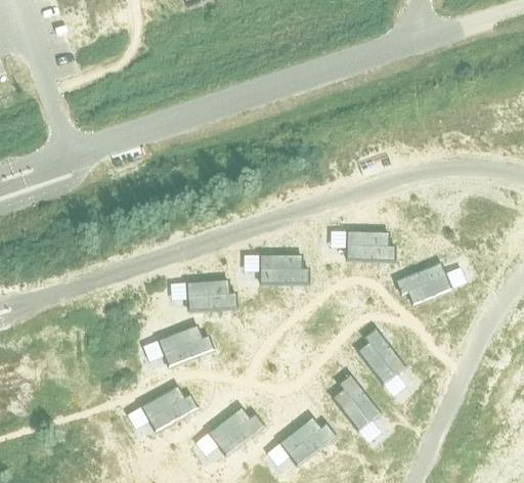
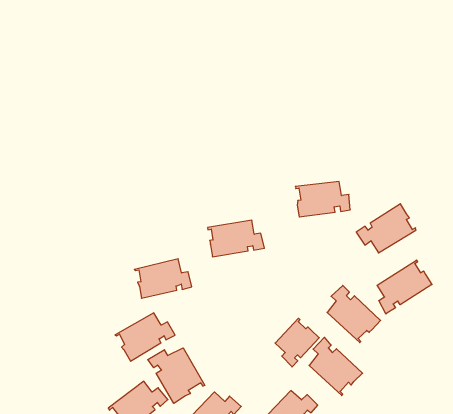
building: none -> [377,260,432,314]
building: none -> [275,318,319,367]
building: none -> [148,348,205,403]

